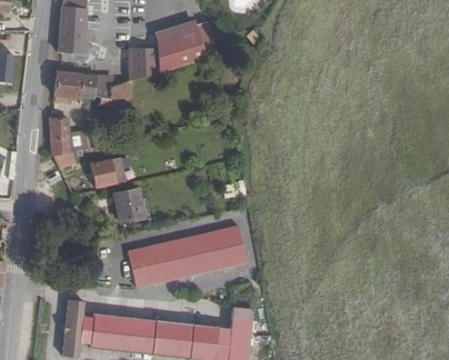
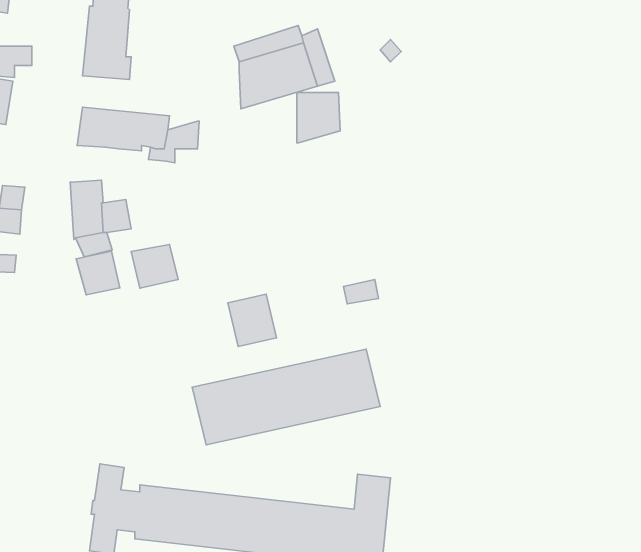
building: [130,49,158,81] -> [297,92,340,143]
building: none -> [76,251,120,295]
building: [113,189,144,222] -> [228,294,277,346]

